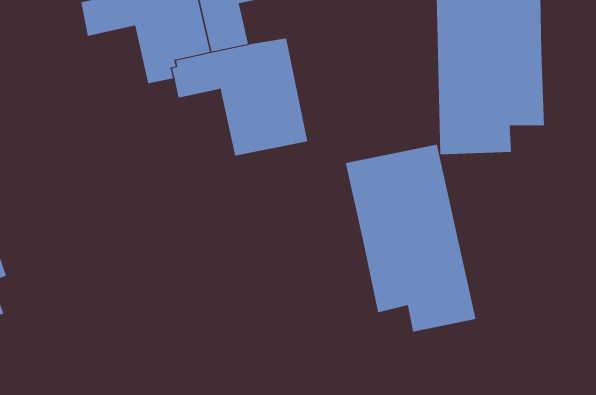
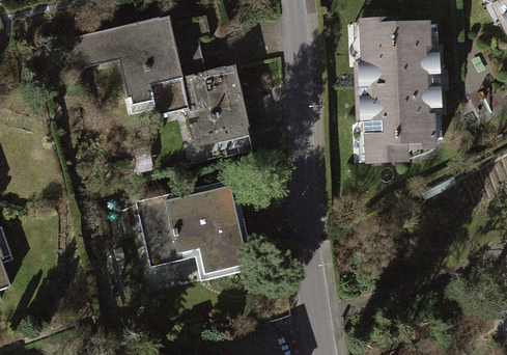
building: [345,144,476,332] -> none
building: none -> [141,184,248,281]

